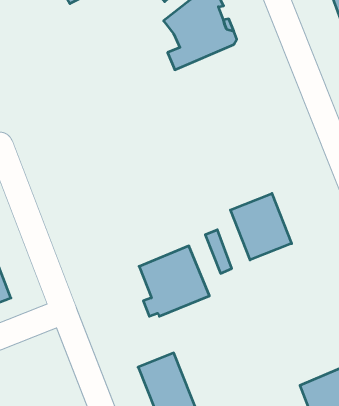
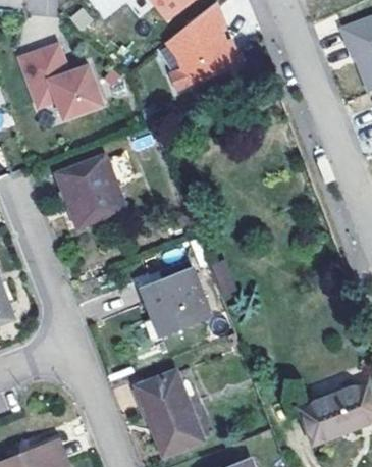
building: none -> [18,45,102,119]
building: none -> [55,154,124,226]
building: [230,193,292,260] -> none

